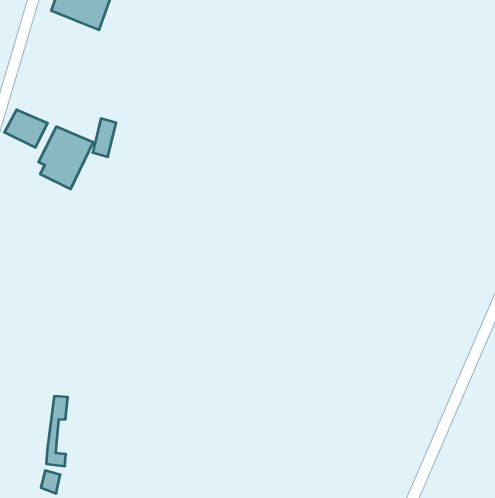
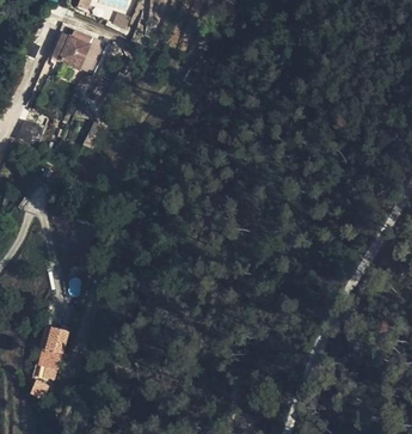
building: [39,127,93,189] -> none
building: none -> [42,329,69,380]

